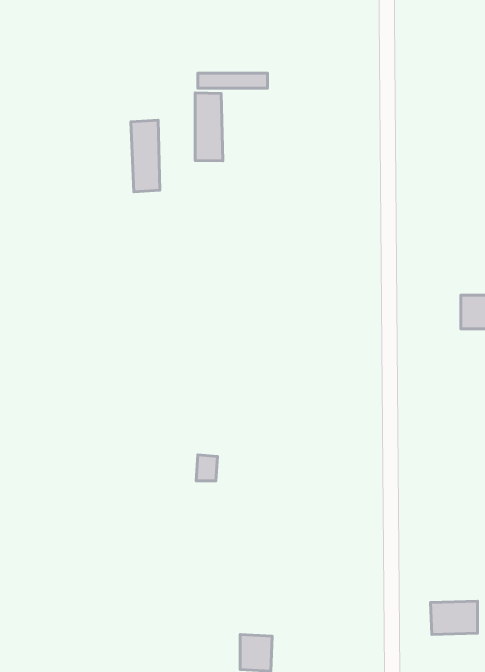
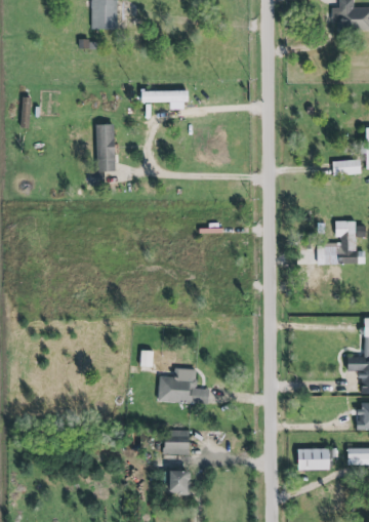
building: [195,93,223,161] -> none
building: none -> [158,368,209,403]
building: none -> [165,430,190,454]

